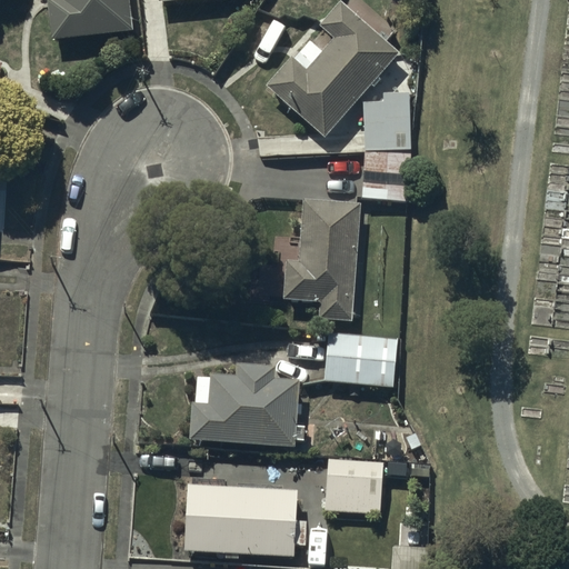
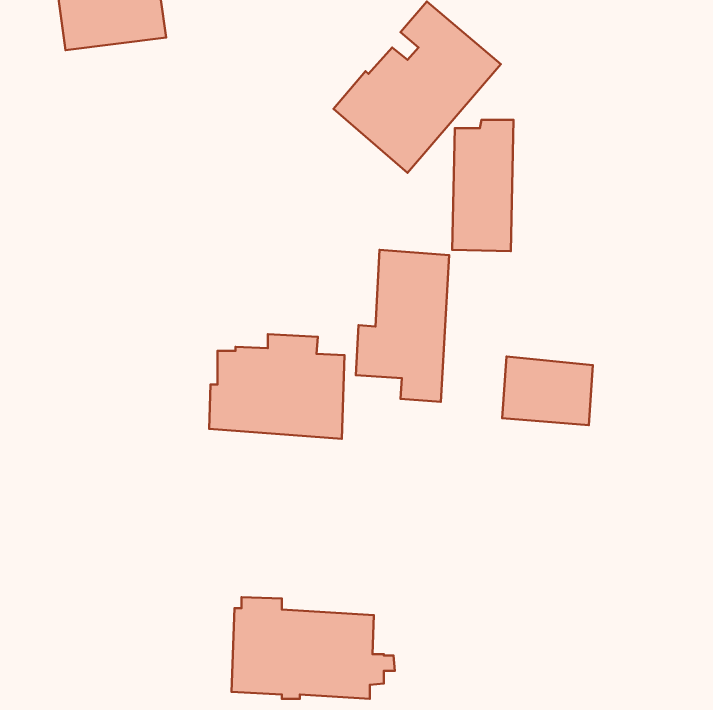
building: [325,332,397,387] -> [502,357,593,425]
building: [189,363,297,447] -> [209,334,344,439]
building: [325,459,382,513] -> none

